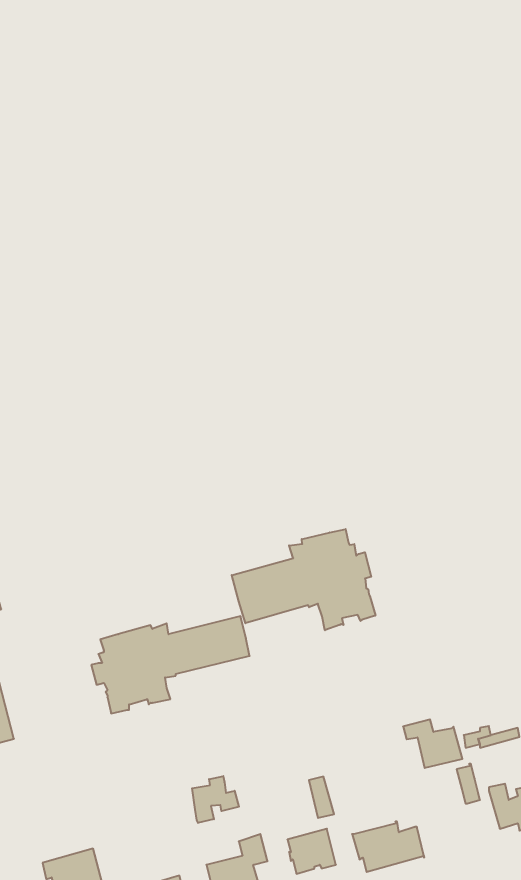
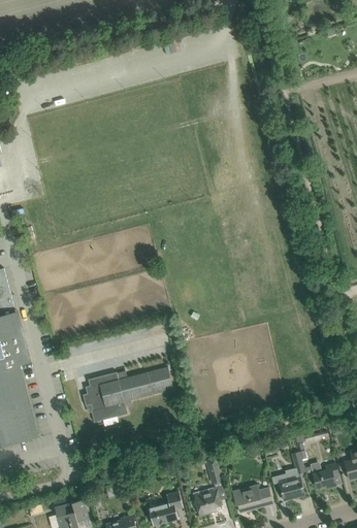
building: [232,529,375,630] -> none
building: [403,719,462,768] -> [270,473,304,501]
building: [192,776,239,823] -> none

